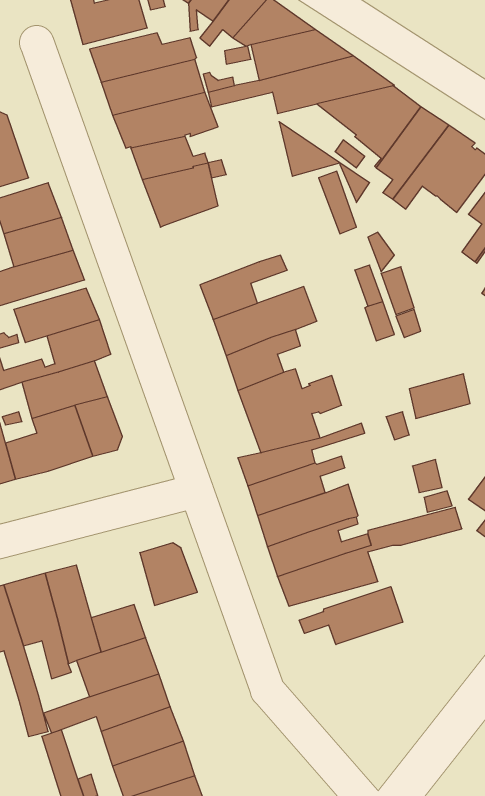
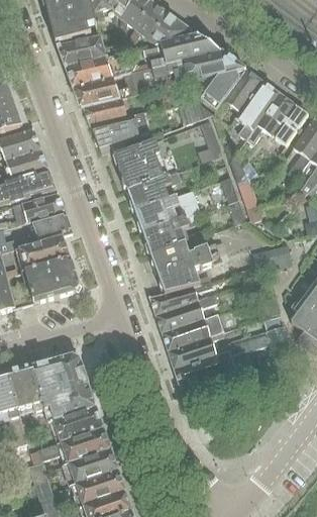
building: none -> [113,138,162,188]
building: [140,543,197,605] -> [49,353,85,392]
building: [299,587,403,645] -> none

